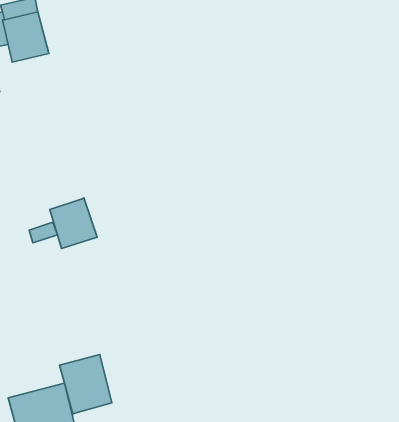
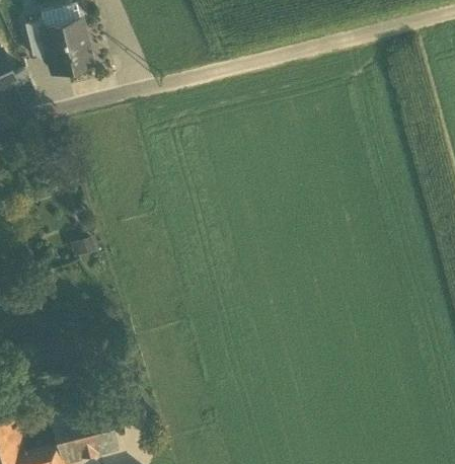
building: [50,198,97,248] -> none
building: [60,355,112,414] -> none

